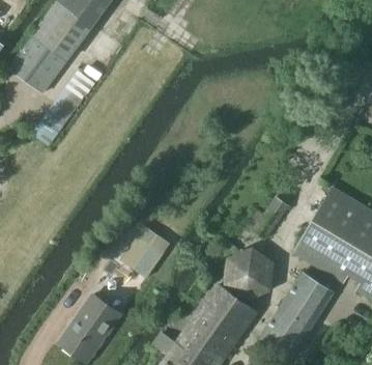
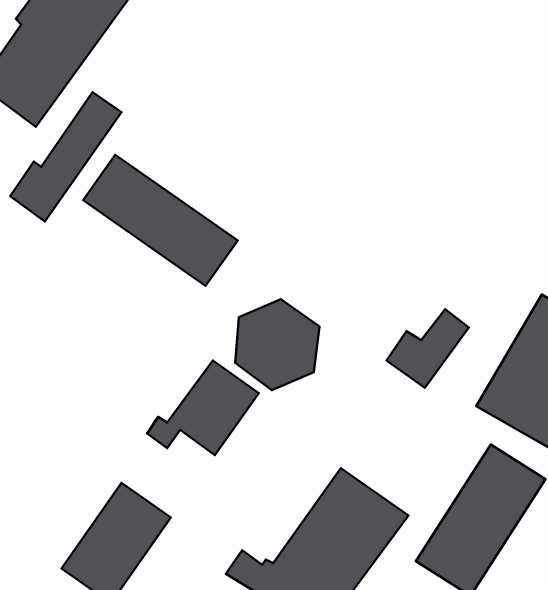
building: none -> [83,155,238,286]
building: [226,248,274,300] -> [235,299,319,390]

